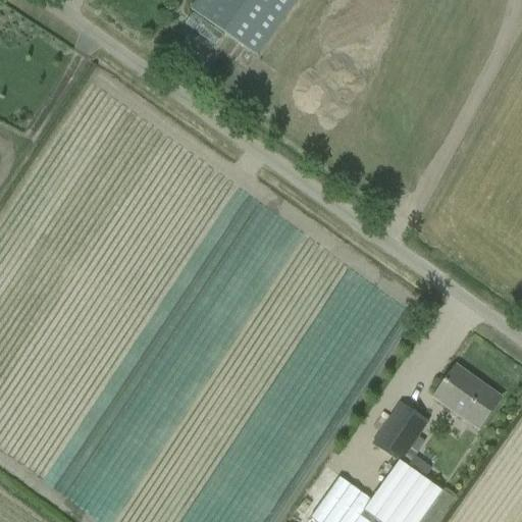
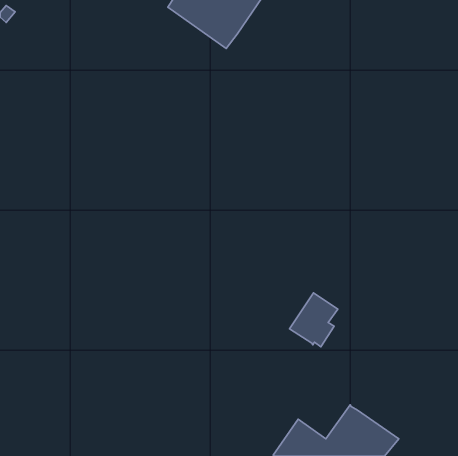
building: [434,369,501,428] -> none
building: [373,403,428,464] -> [289,293,338,347]

